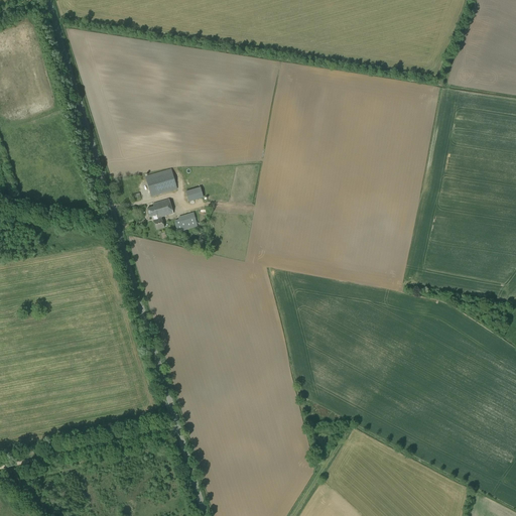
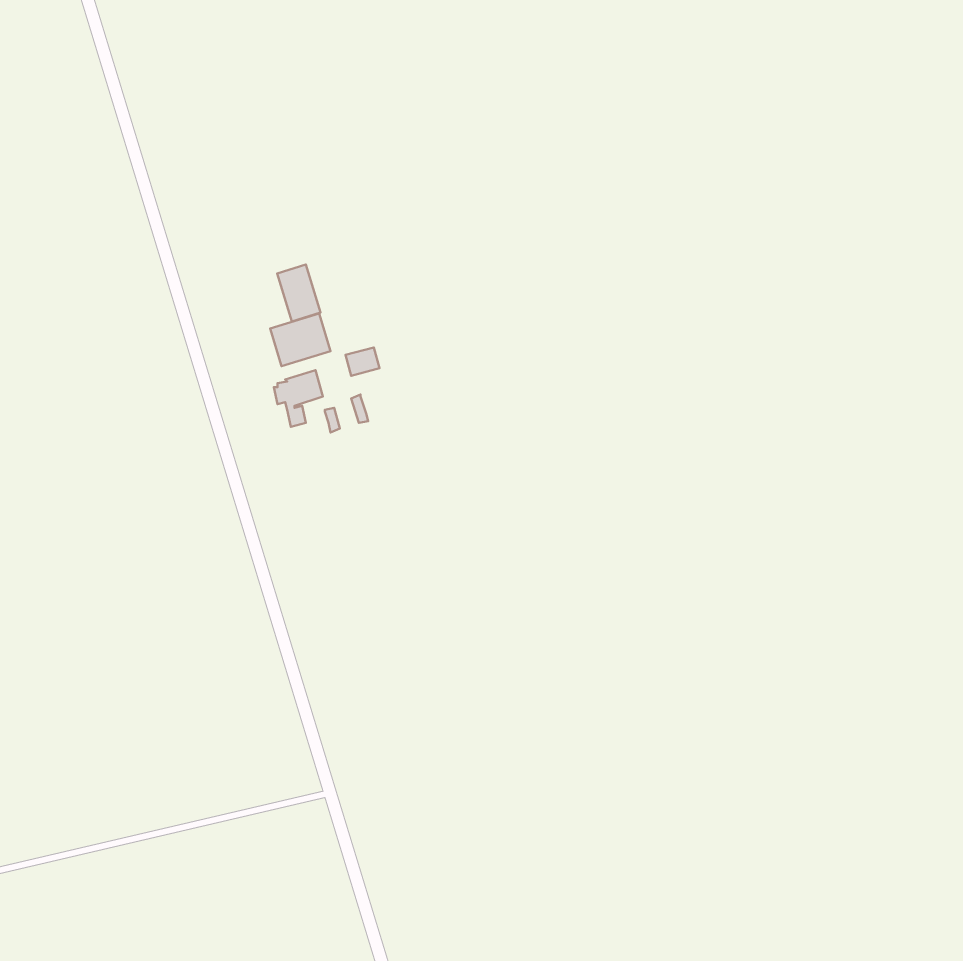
building: none -> [277,264,321,322]

